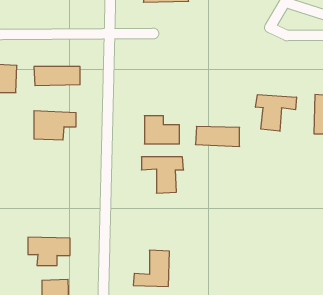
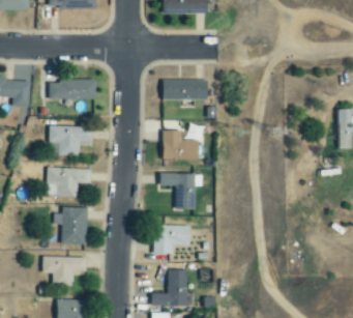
building: [256,95,296,131] -> none
building: [195,126,240,146] -> [163,80,208,100]
building: none -> [46,168,91,197]
building: none -> [54,207,88,244]
building: none -> [153,225,190,254]

